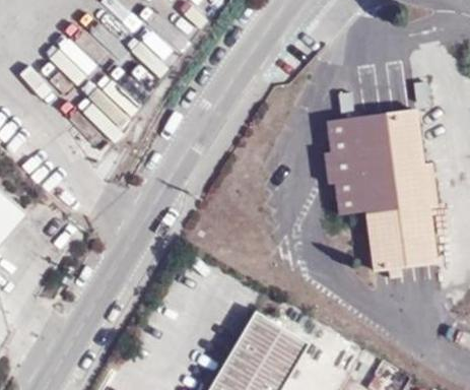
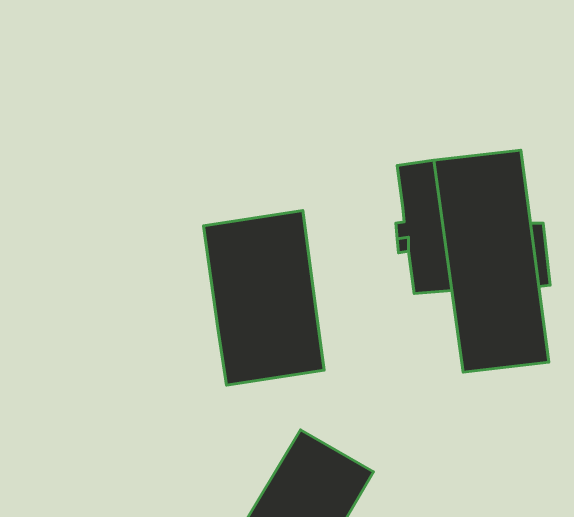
building: none -> [204,210,324,385]

